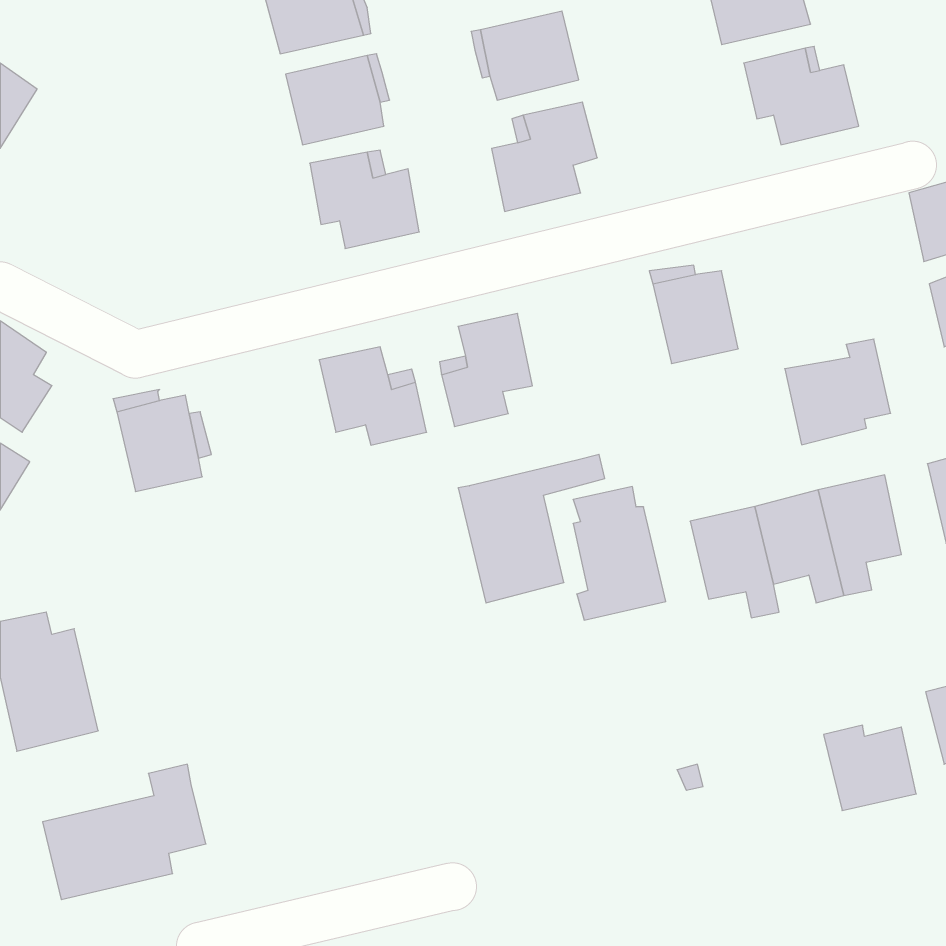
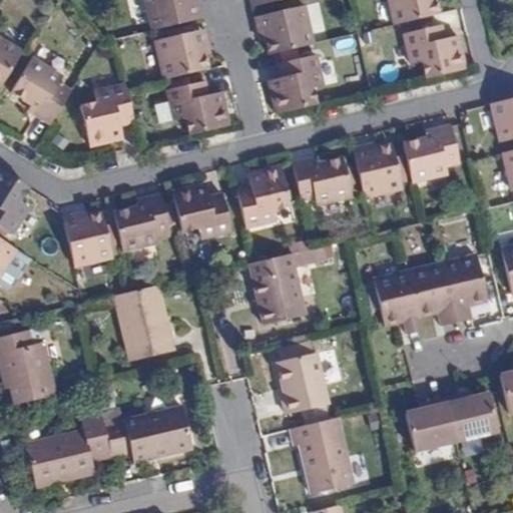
building: none -> [12,57,70,124]
building: none -> [79,81,132,142]
building: none -> [292,159,350,206]
building: [785,339,891,445] -> [403,125,460,182]
building: none -> [113,193,174,251]
building: [573,487,666,620] -> [279,340,329,412]
building: none -> [115,286,172,359]
building: none -> [406,397,456,448]
building: none -> [104,406,191,462]
building: none -> [290,418,352,492]

